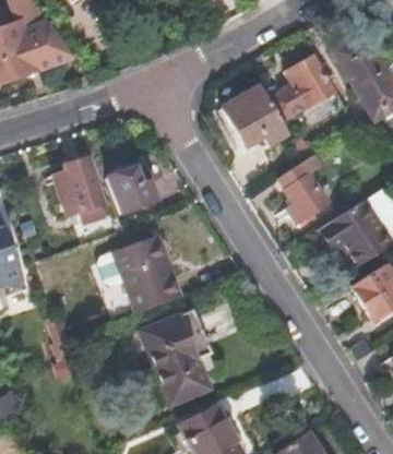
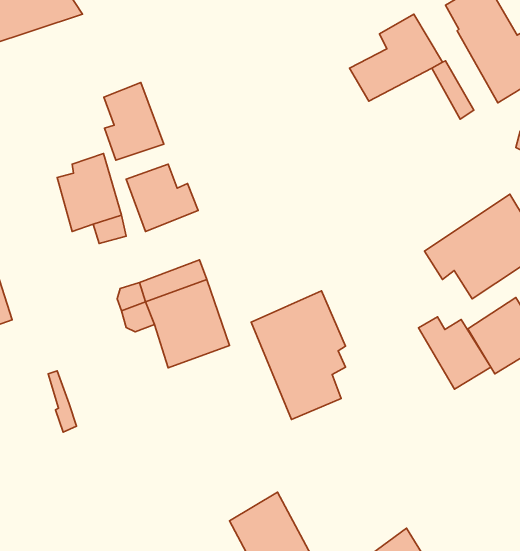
building: [222,85,288,147] -> none
building: none -> [104,83,164,160]
building: [277,156,329,227] -> none
building: none -> [419,317,491,389]
building: [142,310,211,404] -> [251,291,346,420]

